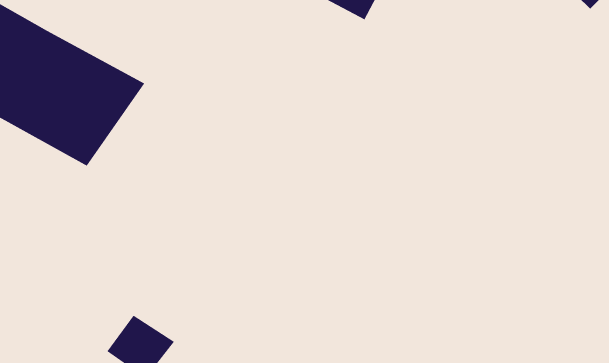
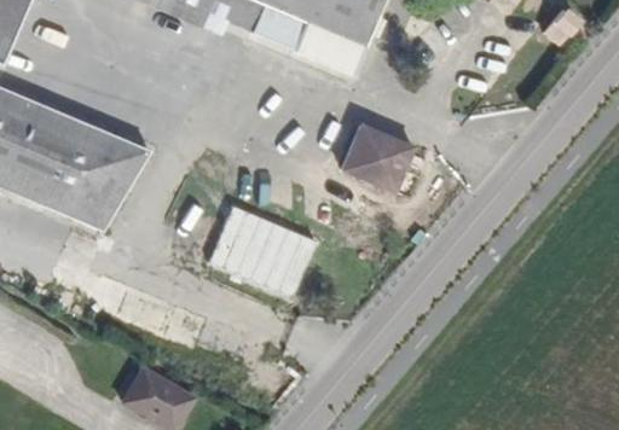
building: none -> [340,126,411,191]
building: none -> [208,209,317,301]

